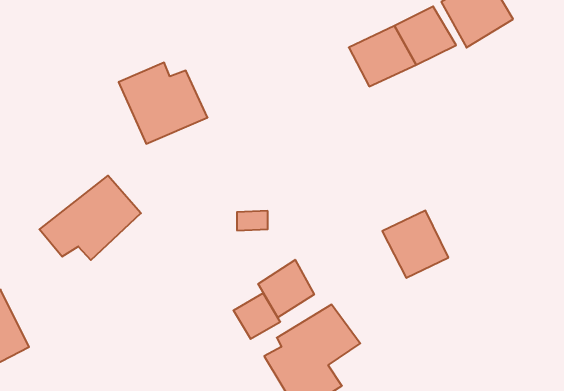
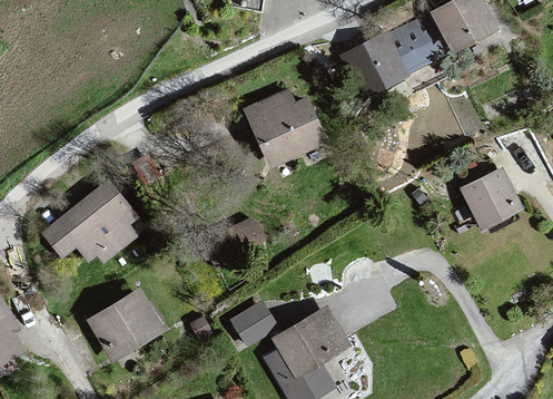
building: [119,63,208,144] -> [241,88,328,167]
building: [382,211,448,278] -> [460,168,524,234]
building: [258,260,314,318] -> none
building: none -> [83,290,164,362]

